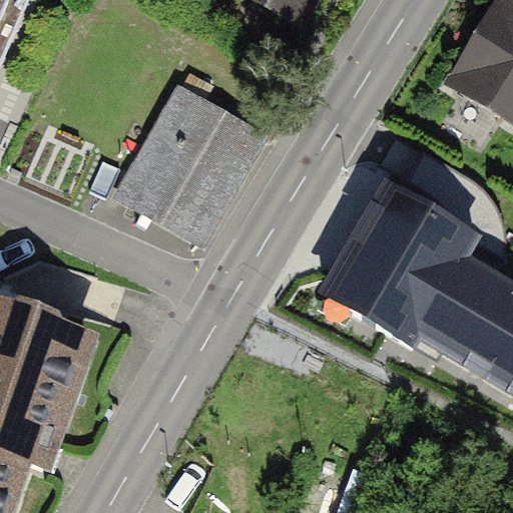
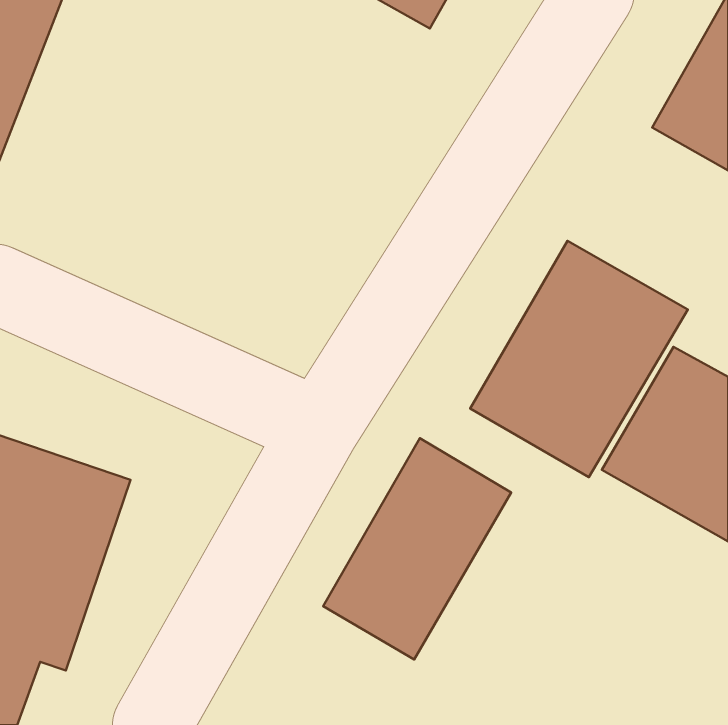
building: [114,85,261,240] -> none
building: none -> [323,438,511,660]

